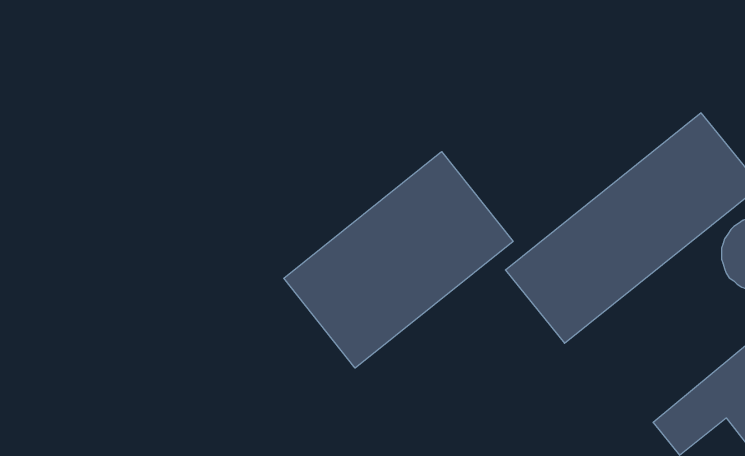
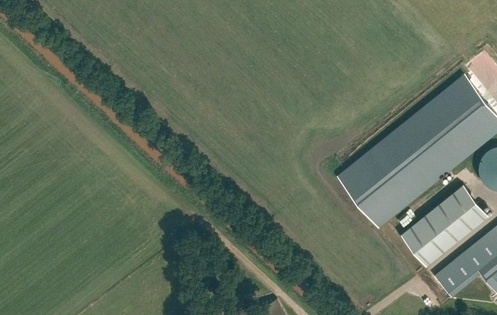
building: [284,152,513,368] -> none
building: none -> [400,185,488,267]

